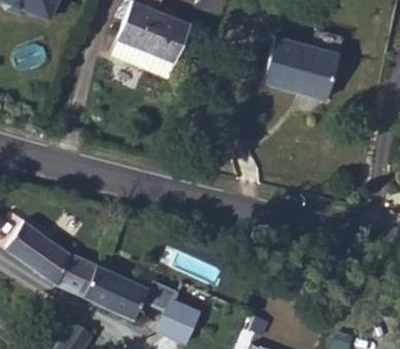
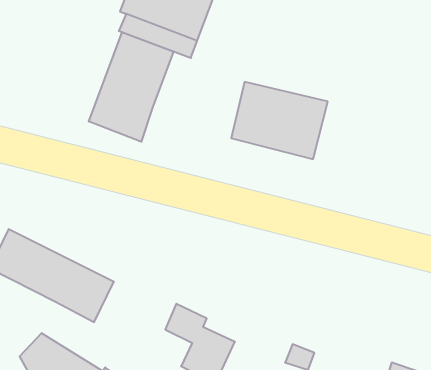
building: [262,37,343,101] -> [231,82,328,159]
building: none -> [89,32,174,142]
building: [84,263,150,321] -> none

